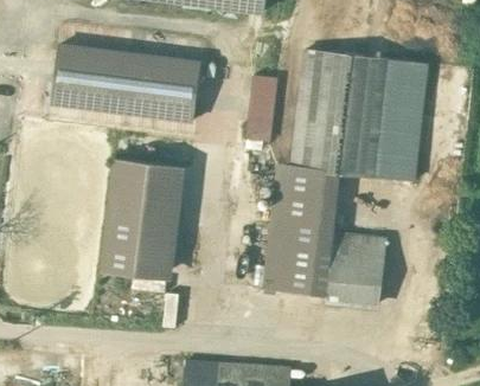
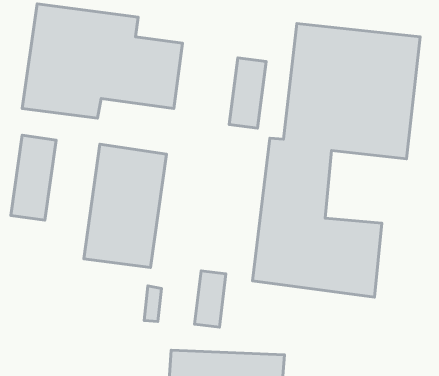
building: none -> [11,135,56,220]
building: none -> [195,271,226,327]

